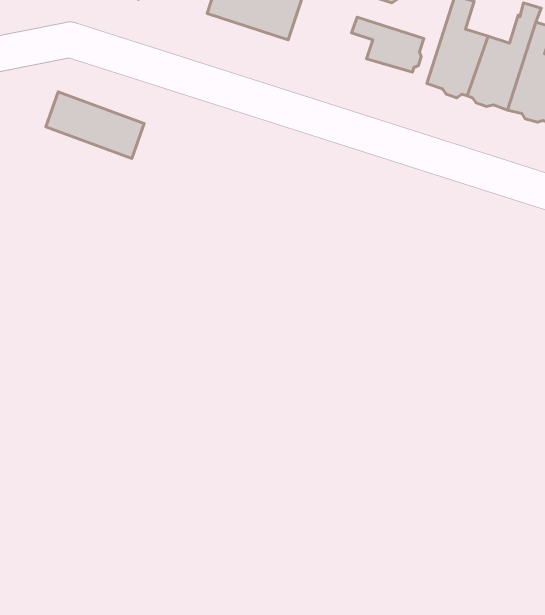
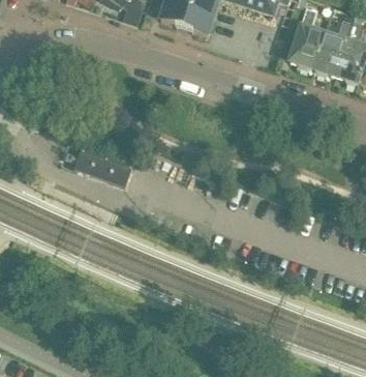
building: [352,17,424,72] -> none
building: [46,92,144,159] -> [74,148,132,187]

